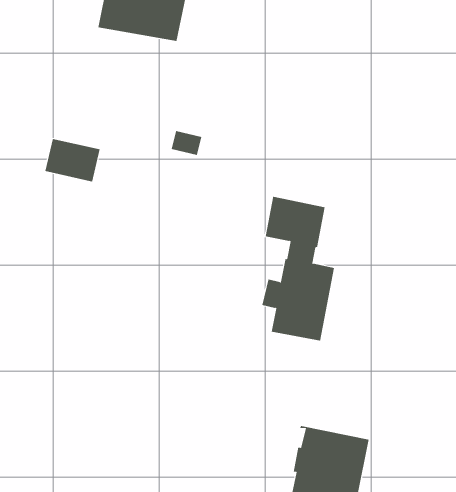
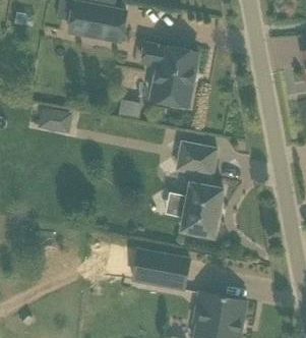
building: none -> [141,43,198,106]
building: none -> [132,249,189,288]

